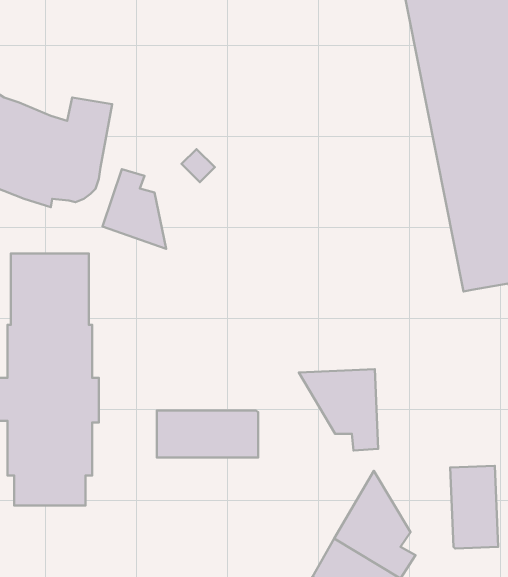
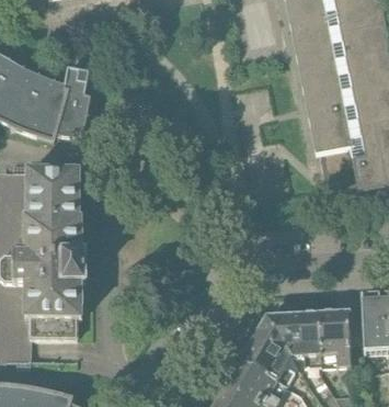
building: [103,169,166,249] -> none
building: [299,369,378,451] -> [267,313,320,366]
building: [157,411,258,457] -> none

